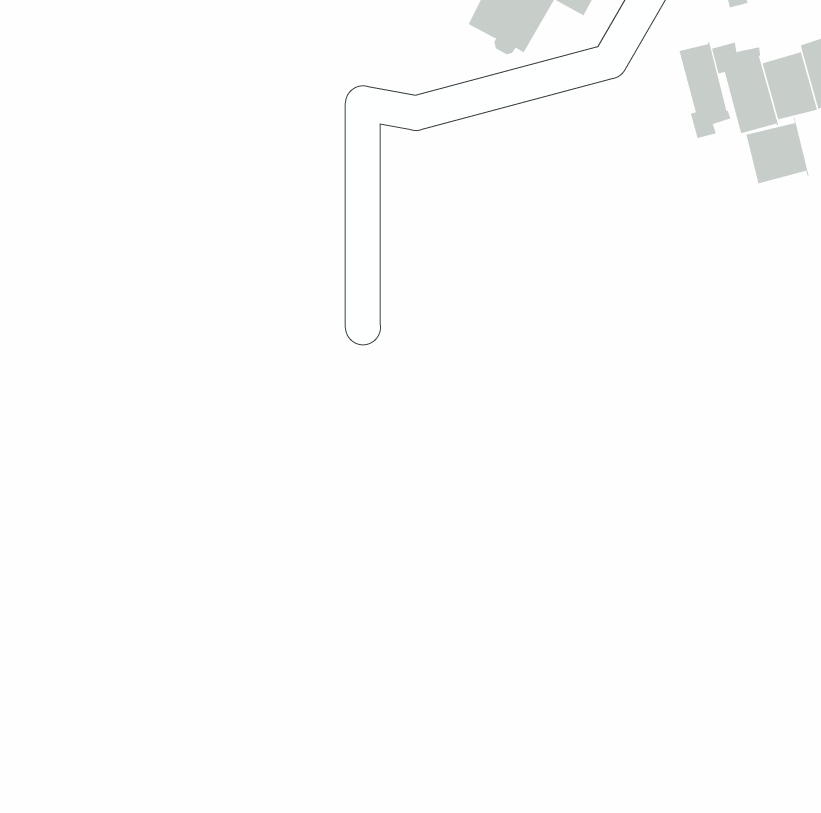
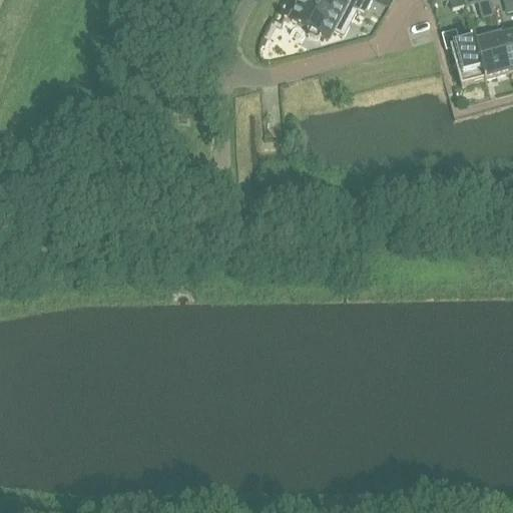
building: [679,41,731,139] -> none
building: [746,116,809,184] -> none

